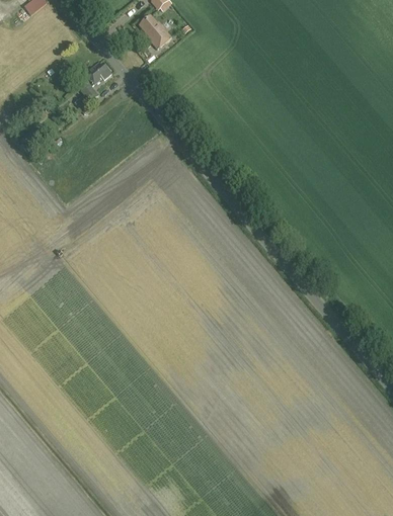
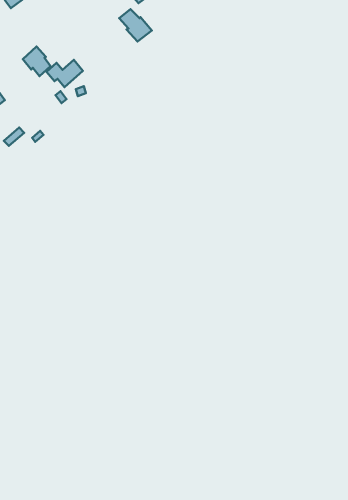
building: none -> [23,46,51,76]

